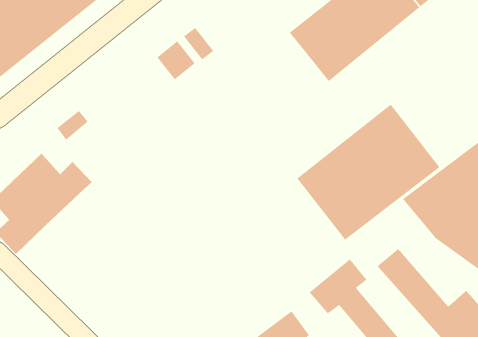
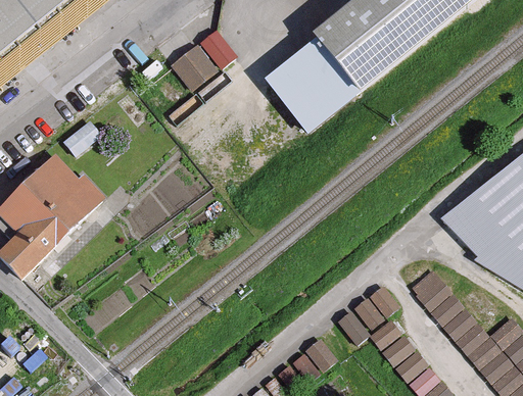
building: none -> [270,43,359,131]
building: [296,104,440,240] -> none

